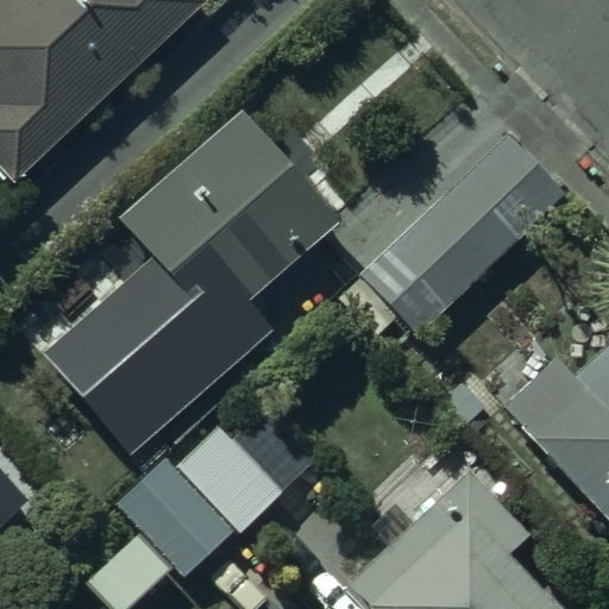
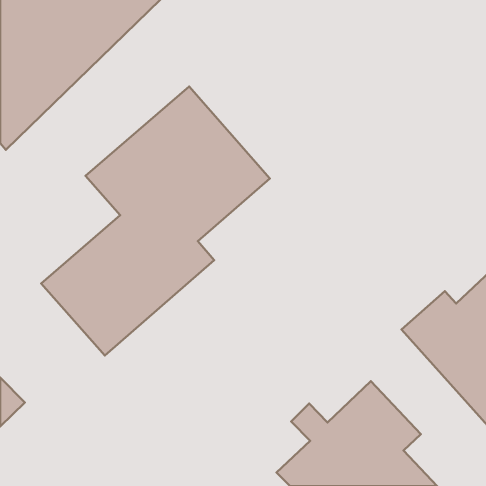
building: [356,139,561,337] -> none
building: [114,407,318,578] -> none

